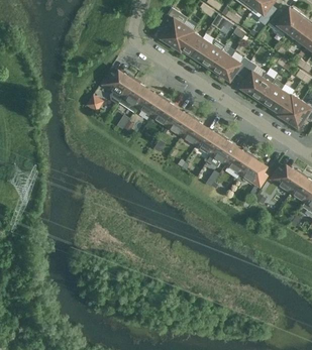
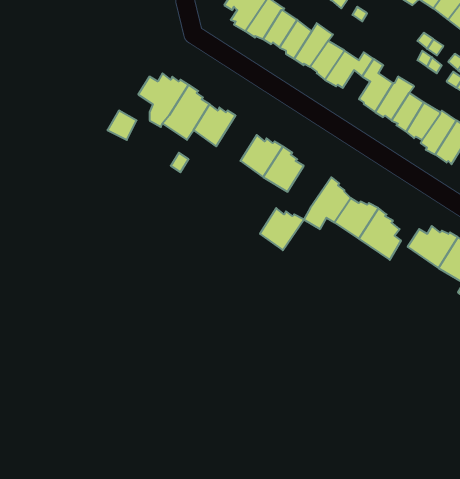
building: [151,97,177,125] -> none
building: [196,128,223,154] -> [260,208,304,250]

